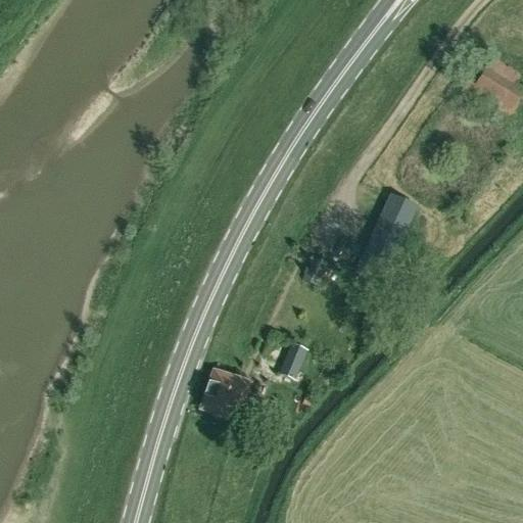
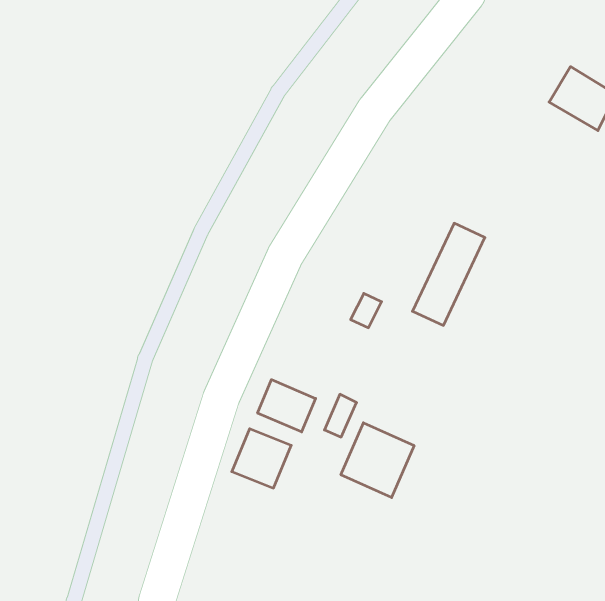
building: none -> [258,380,316,432]
building: none -> [341,423,414,498]

